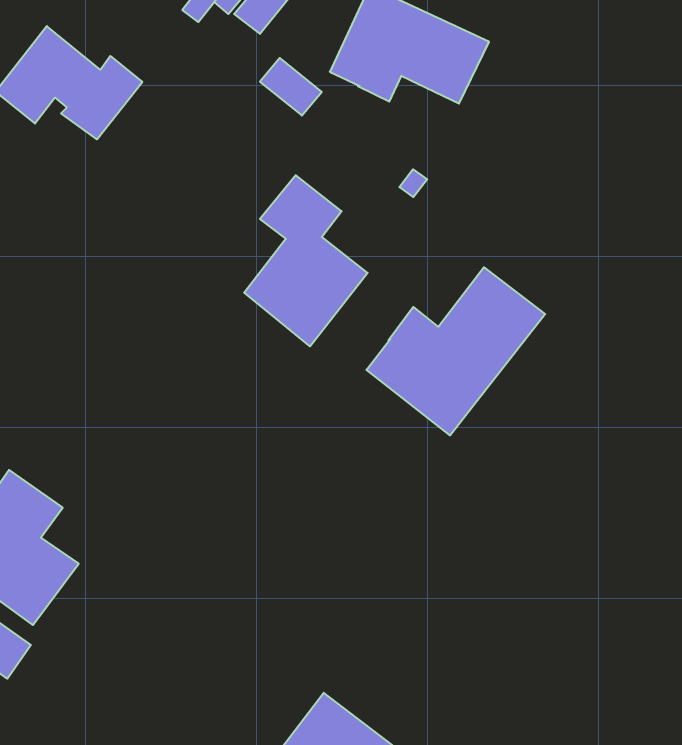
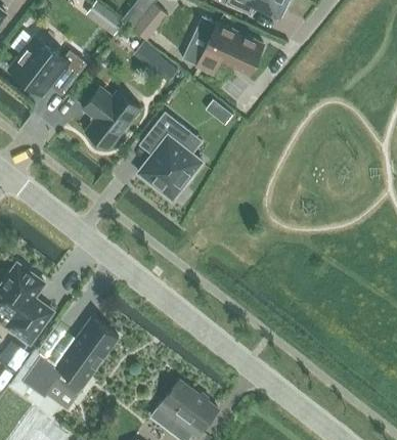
building: none -> [83,88,140,149]
building: [366,267,545,435] -> none
building: none -> [24,317,119,396]

